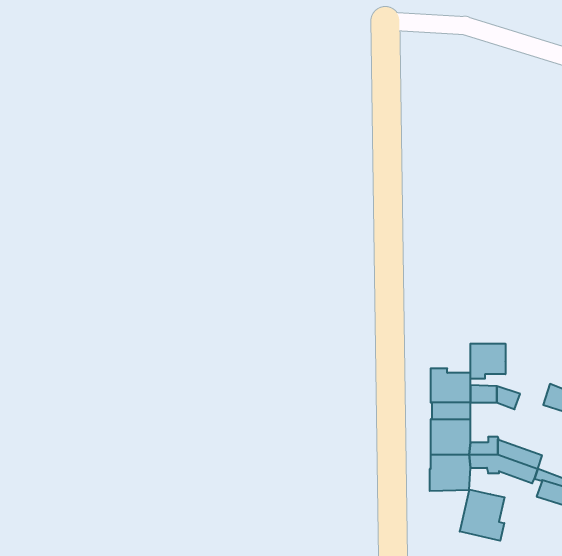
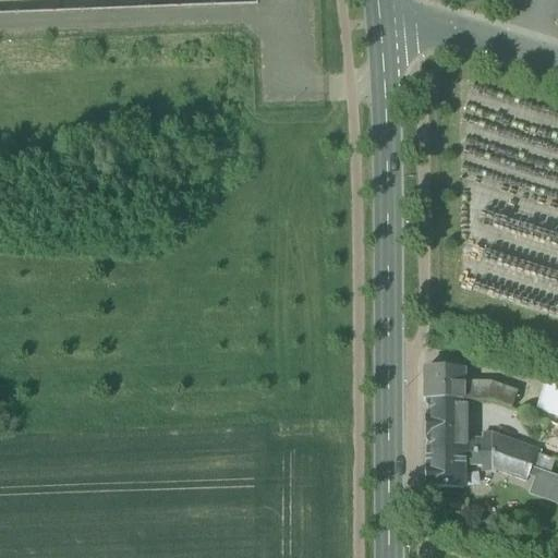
building: [470,344,505,379] -> none
building: [460,489,505,541] -> none

